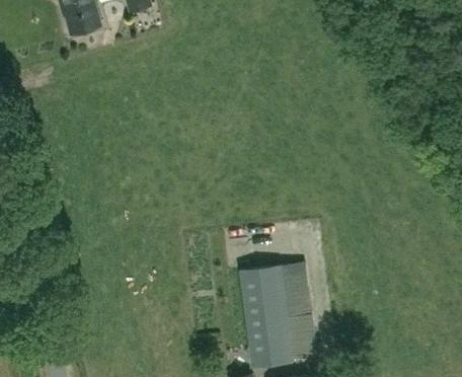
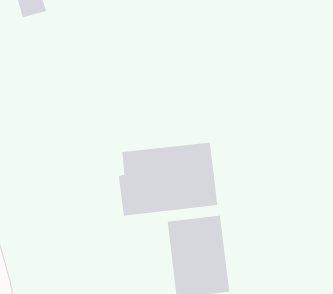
building: none -> [118,142,218,216]

